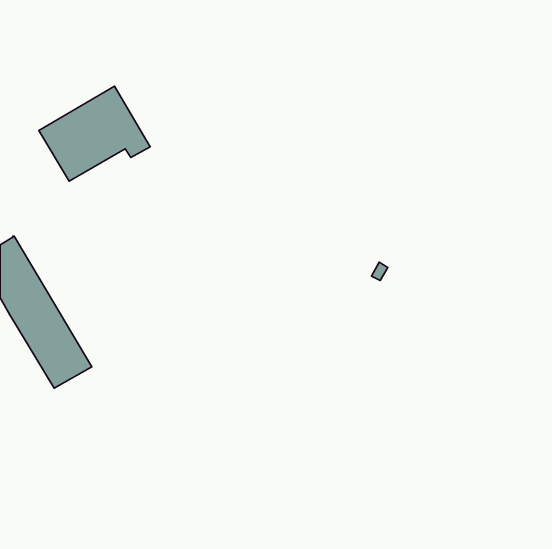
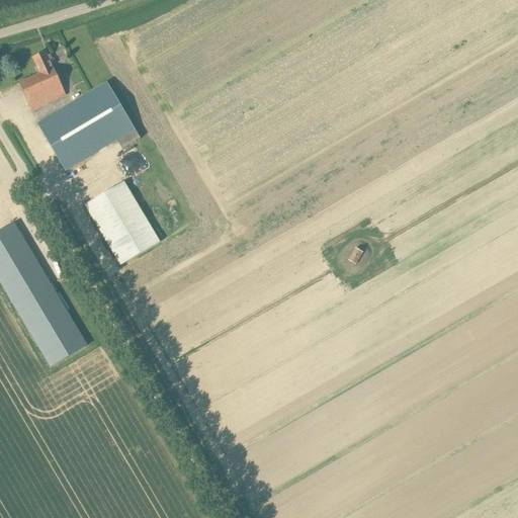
building: none -> [19,50,65,108]
building: none -> [85,181,159,262]

